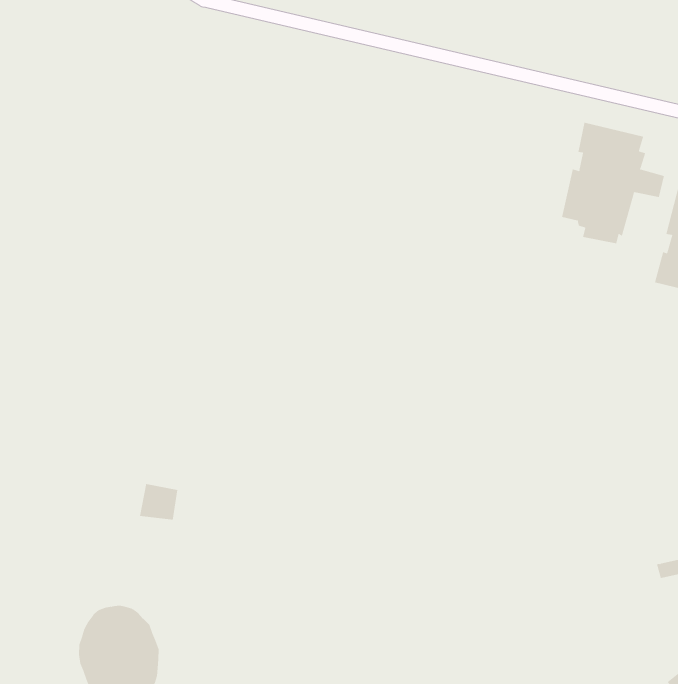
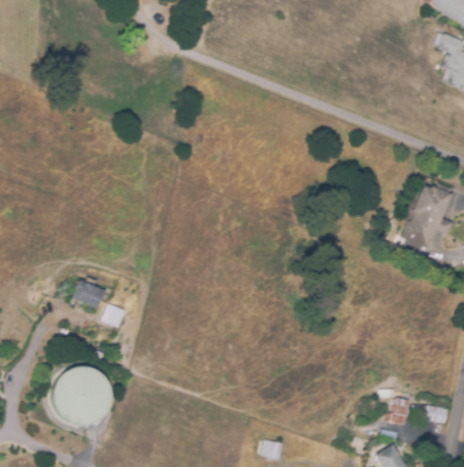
building: [562,122,665,244] -> none
building: none -> [70,279,105,309]

